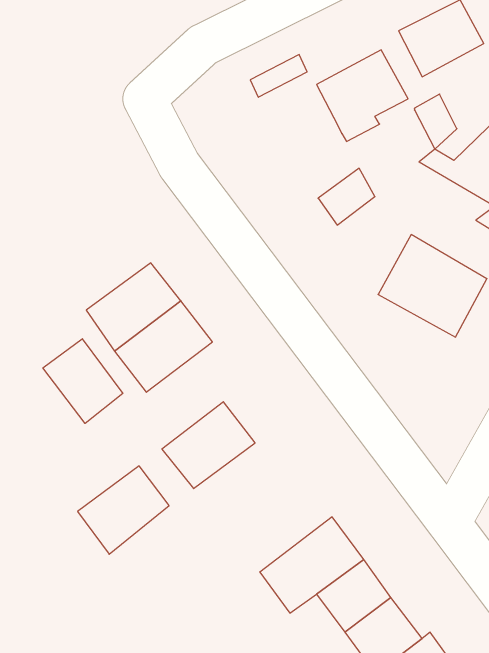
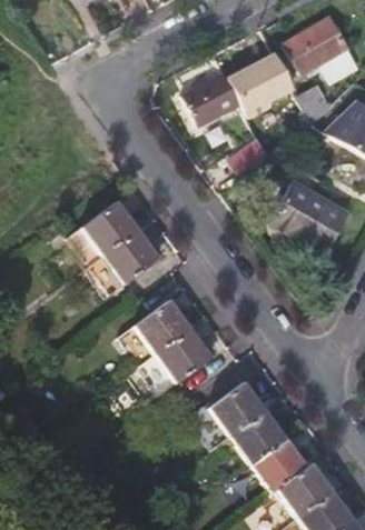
building: none -> [185,72,240,120]
building: [43,339,123,423] -> none
building: [78,466,169,554] -> [141,329,206,391]

